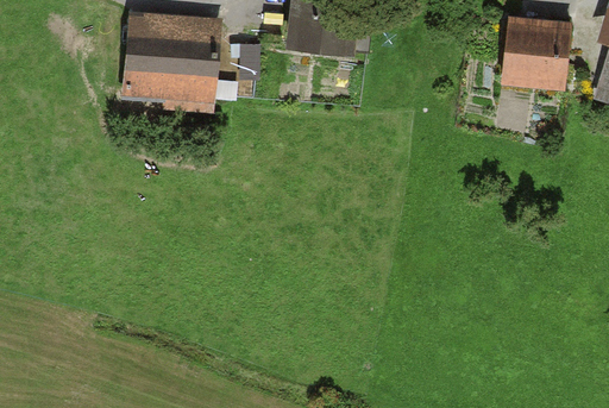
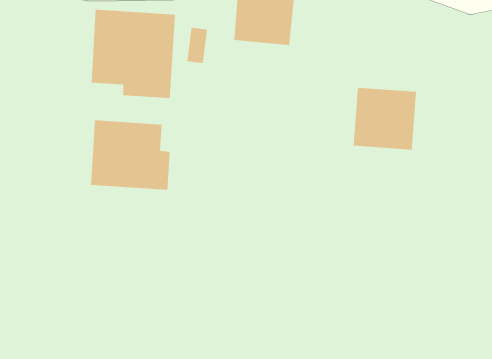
building: [498,19,570,89] -> [353,87,417,150]
building: none -> [90,120,170,191]

